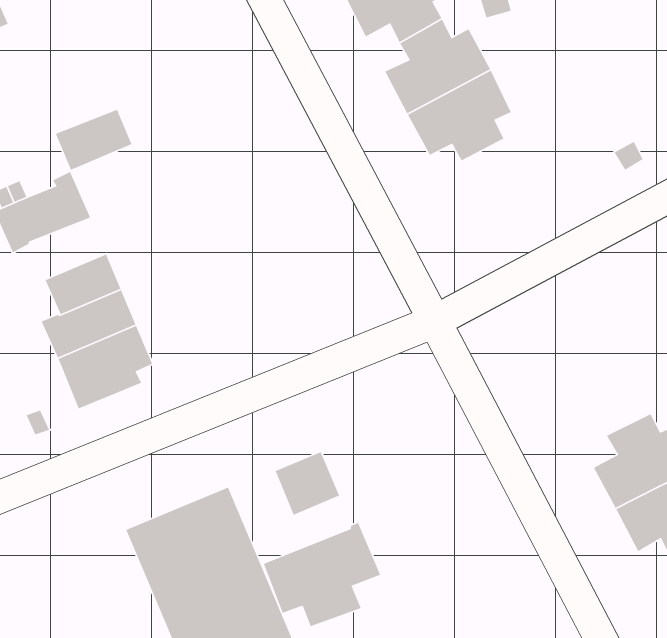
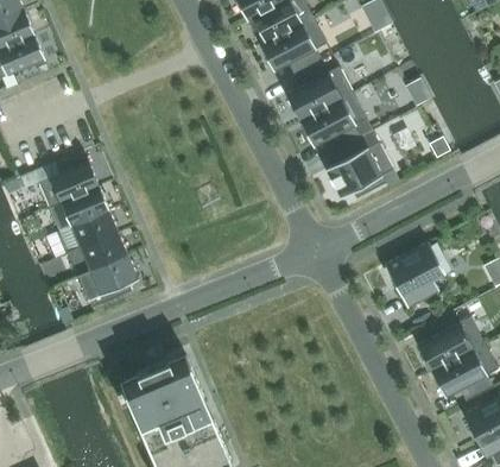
building: [56,109,133,171] -> [61,185,109,225]
building: none -> [325,135,393,198]
building: none -> [385,241,450,305]
building: [274,451,340,516] -> none
building: [263,522,381,627] -> none

